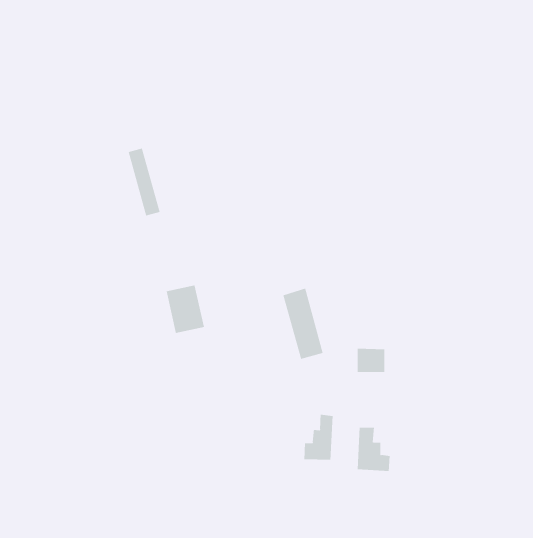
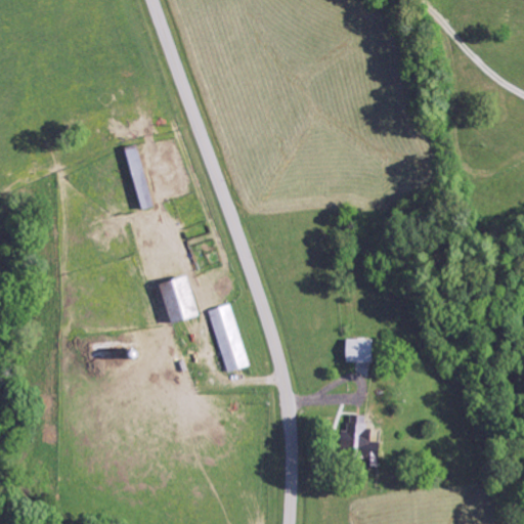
building: [282,288,324,359] -> [206,303,246,373]
building: [304,414,333,461] -> none

